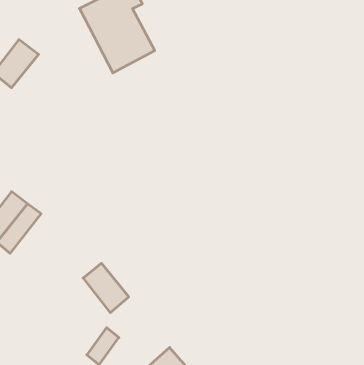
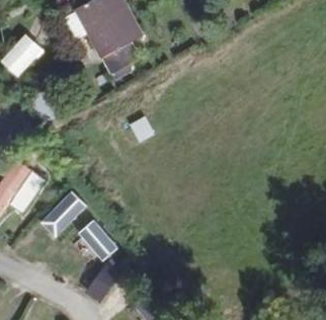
building: none -> [42,191,87,238]

